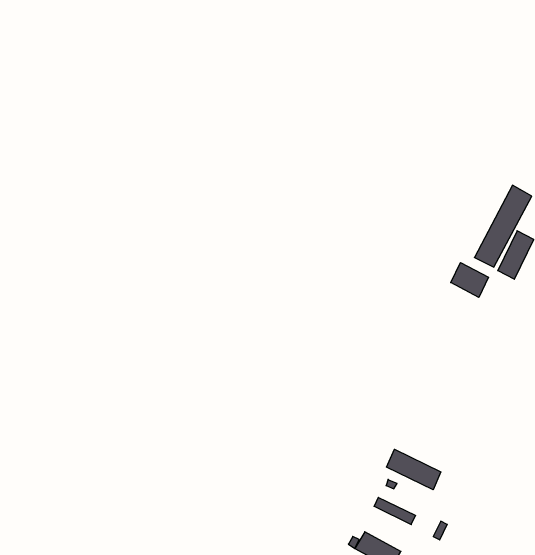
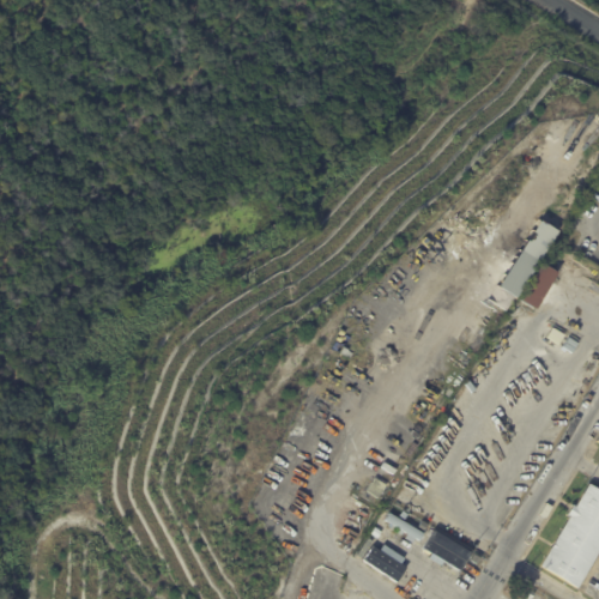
building: [451,263,489,297] -> none
building: [387,449,441,490] -> none

